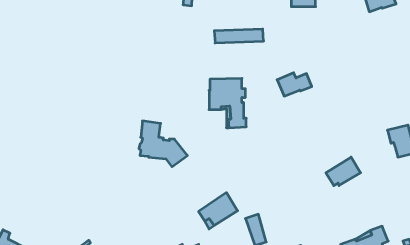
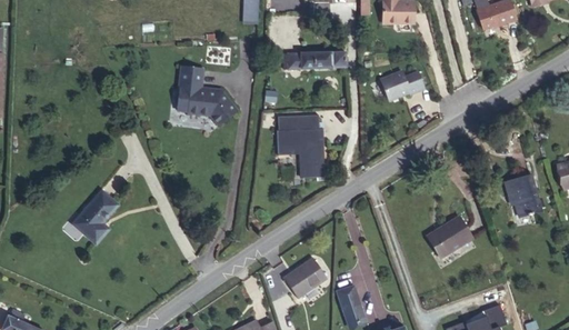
building: [277,73,312,96] -> [381,69,426,99]
building: [139,121,187,167] -> [177,64,239,123]
building: none -> [73,189,119,242]

